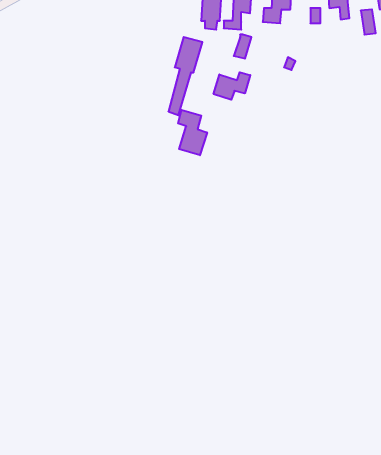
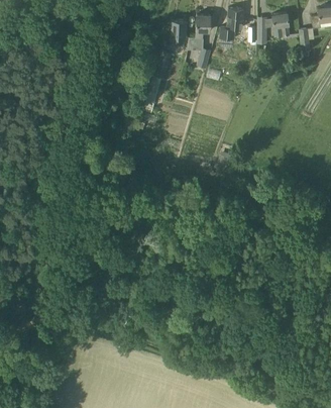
building: [214,72,250,100] -> none
building: [178,110,207,155] -> none

